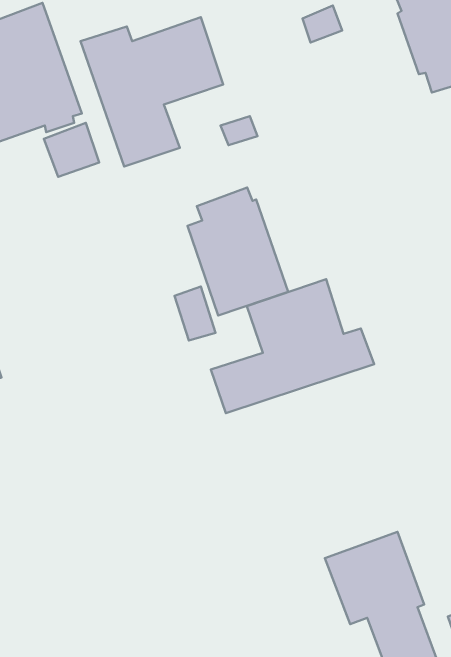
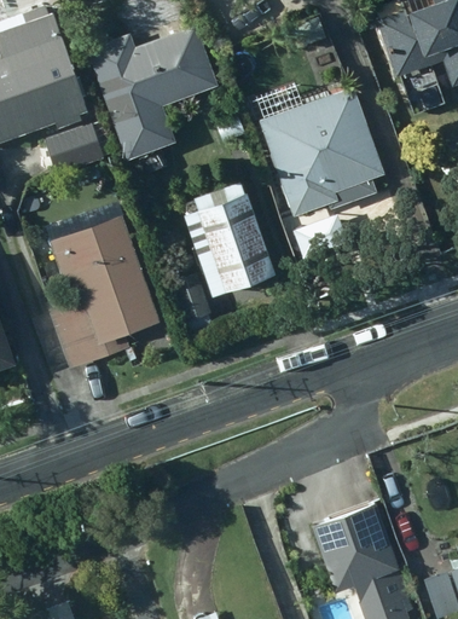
building: none -> [259,86,383,219]
building: none -> [46,216,157,369]
building: [211,279,374,413] -> none

